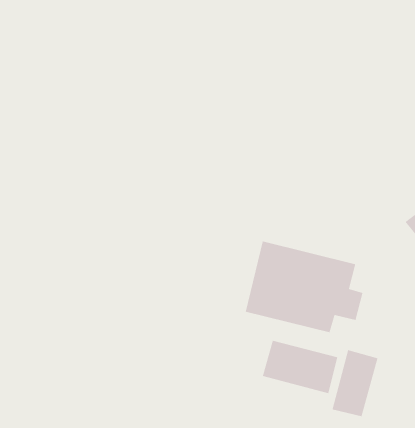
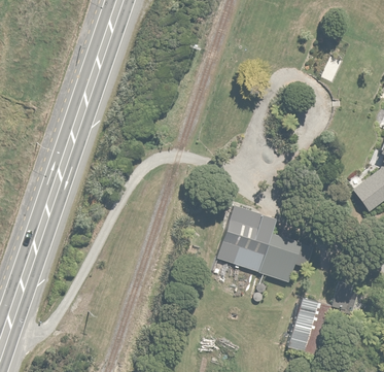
building: [262,340,338,394] -> none

